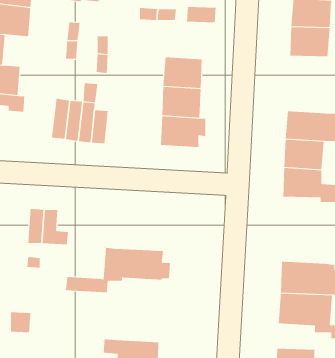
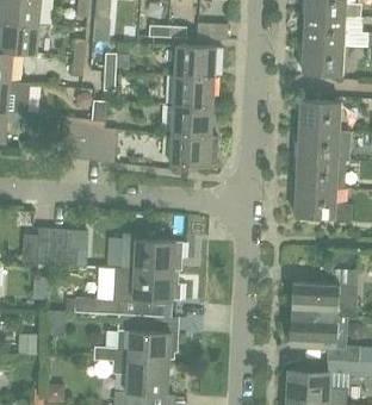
building: none -> [175,45,216,77]
building: none -> [299,100,340,132]
building: none -> [123,235,182,272]
building: none -> [94,314,178,364]

